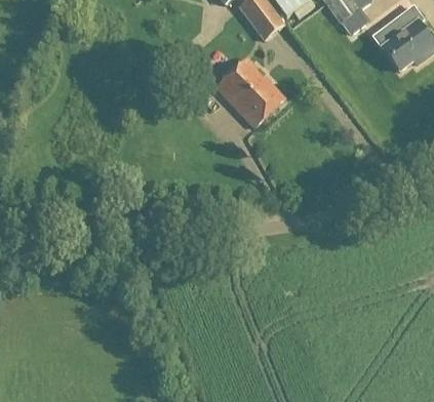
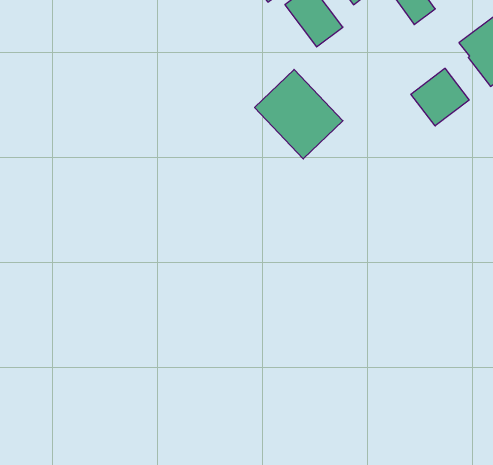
building: none -> [411,68,469,126]

